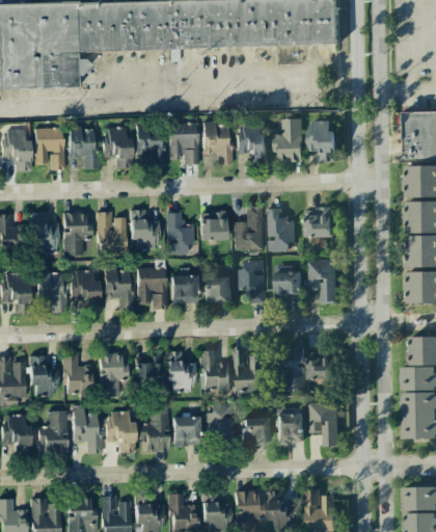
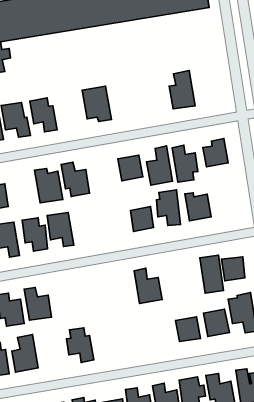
building: [307,121,335,162] -> none
building: [202,122,231,165] -> none
building: [135,125,164,166] -> none
building: [237,125,266,163] -> none
building: [62,212,93,256] -> none
building: [166,212,193,255] -> none
building: [306,260,335,303] -> none
building: [137,267,166,309] -> none
building: [170,275,197,305] -> none
building: [233,349,263,393] -> none
building: [166,351,193,392] -> none
building: [99,354,127,397] -> none
building: [134,355,162,385] -> none
building: [206,404,233,445] -> none
building: [139,408,168,452] -> none
building: [73,410,100,454] -> none
building: [172,417,199,446] -> none

